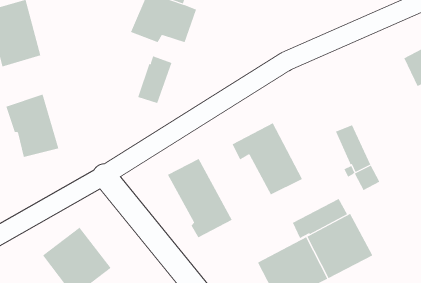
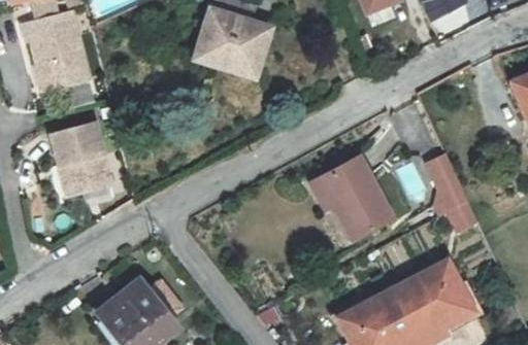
building: [138,55,172,104] -> none
building: [167,158,232,238] -> none
building: [292,198,348,239] -> none

